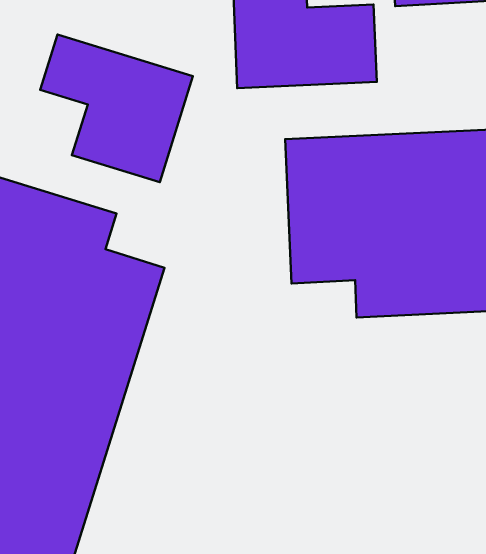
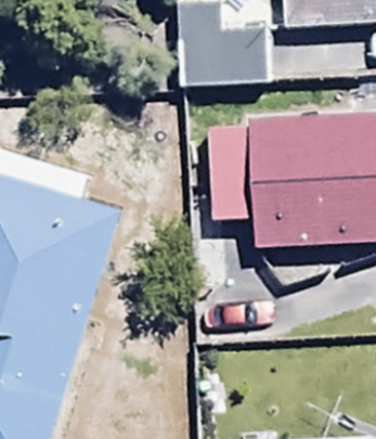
building: [40,34,193,182] -> none

